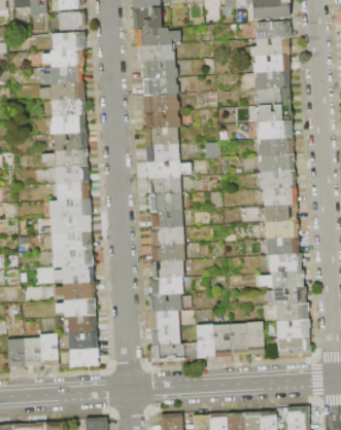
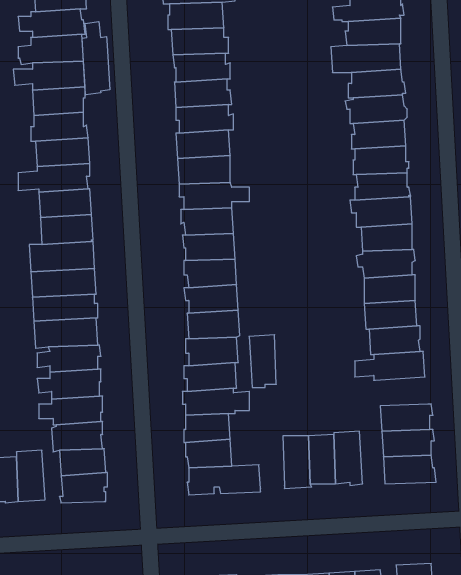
building: none -> [82,22,110,95]
building: [267,286,307,306] -> none
building: [197,324,214,358] -> [249,335,276,387]

